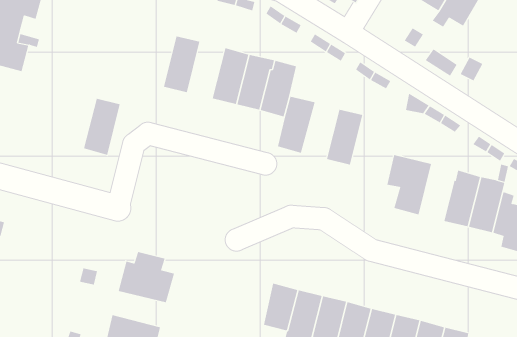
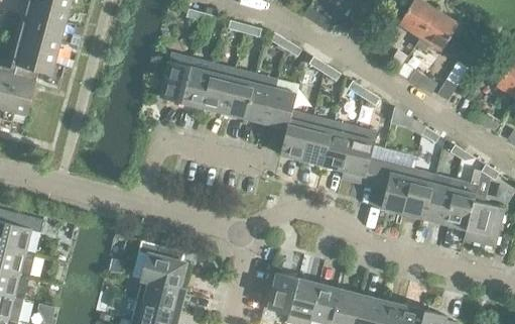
building: none -> [202,63,234,112]
building: [83,98,120,155] -> [159,52,191,102]
building: none -> [300,115,333,165]
building: none -> [341,126,380,187]
building: none -> [402,169,435,218]
building: none -> [136,279,183,310]

